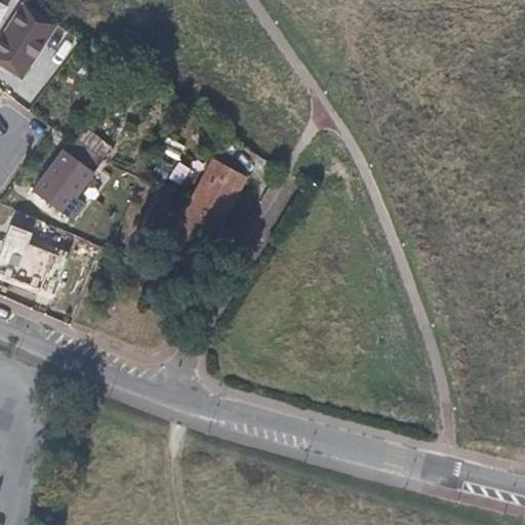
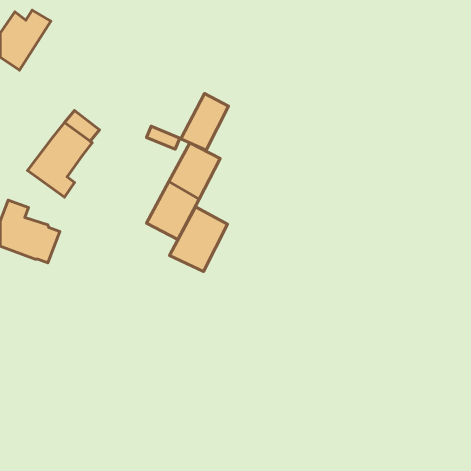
building: none -> [181,93,228,150]
building: none -> [170,207,228,271]

